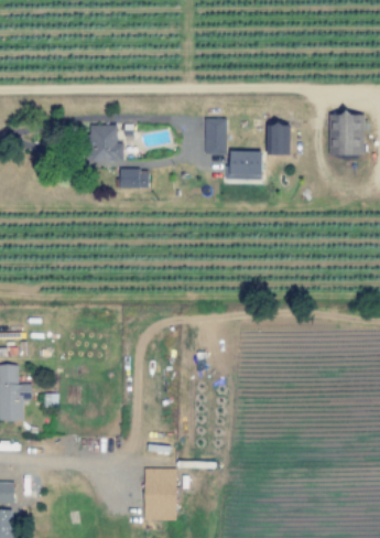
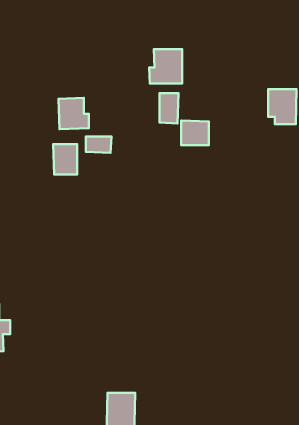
building: none -> [149,49,182,84]
building: [272,126,291,155] -> none
building: none -> [53,144,77,175]

